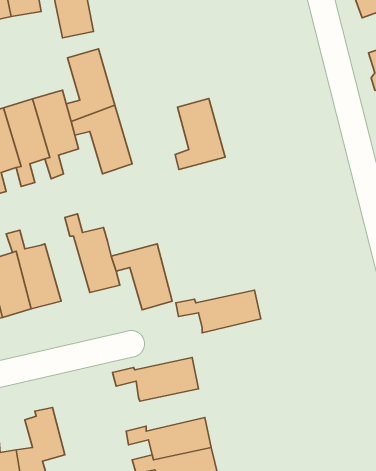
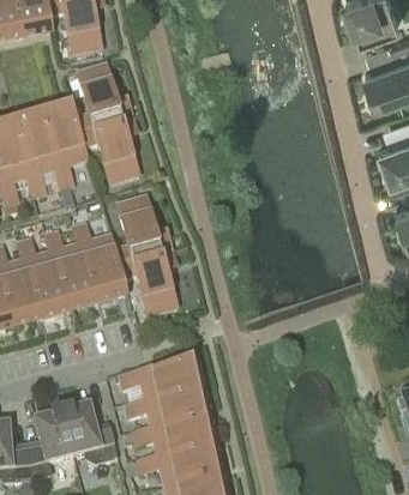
building: [175,98,225,170] -> [114,195,162,264]
building: none -> [44,230,97,307]
building: [176,290,261,333] -> [126,391,207,431]
building: none -> [61,404,118,463]

